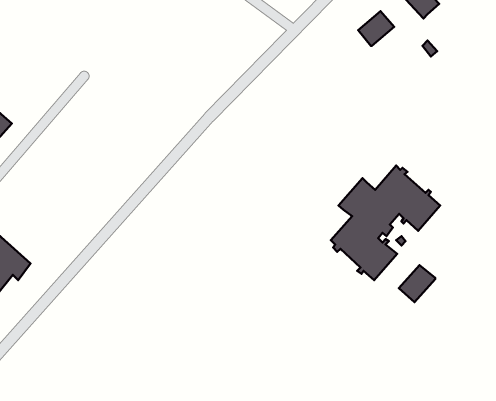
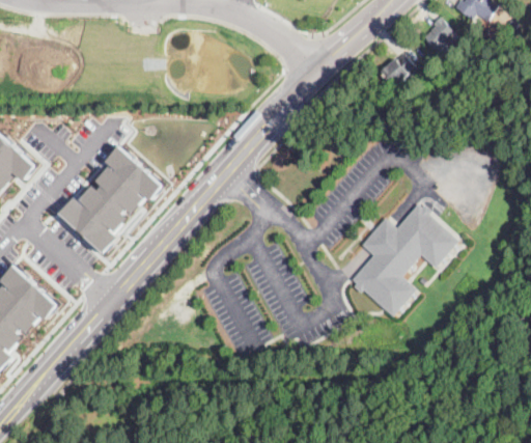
building: none -> [57,142,162,250]
building: [399,265,435,302] -> none

